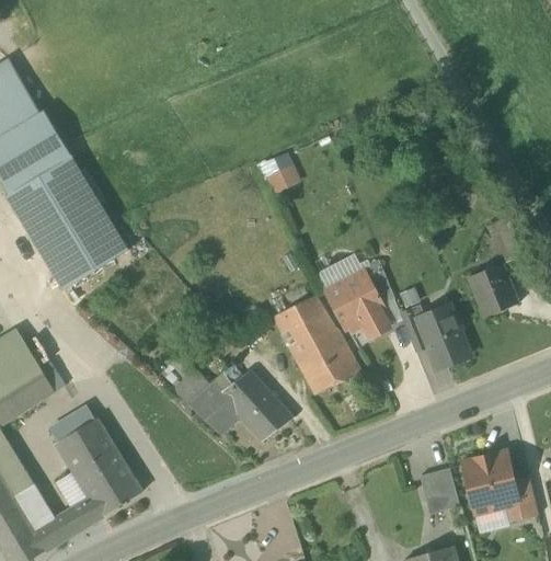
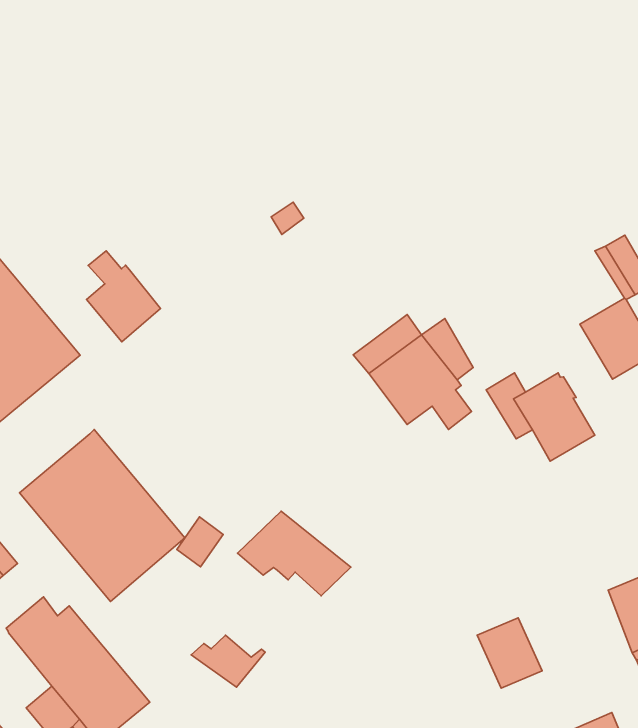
building: none -> [86,251,160,342]
building: [274,295,359,393] -> none
building: none -> [20,429,185,601]
building: [190,399,240,435] -> [191,635,265,687]
building: [418,467,459,513] -> [477,618,542,688]

